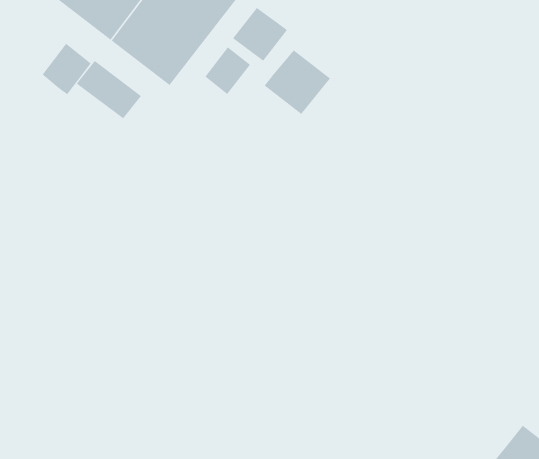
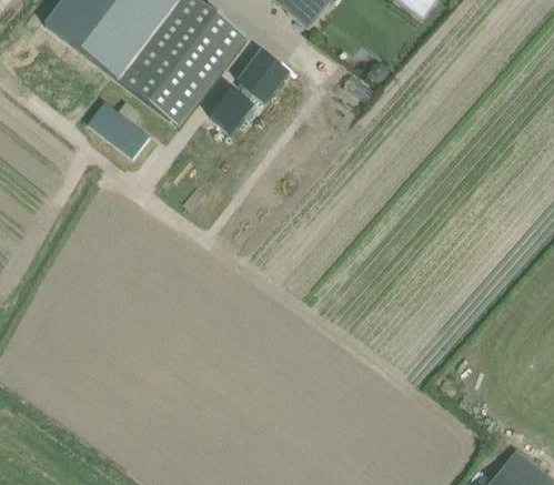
building: [42,43,91,95] -> none
building: [264,49,331,115] -> none

